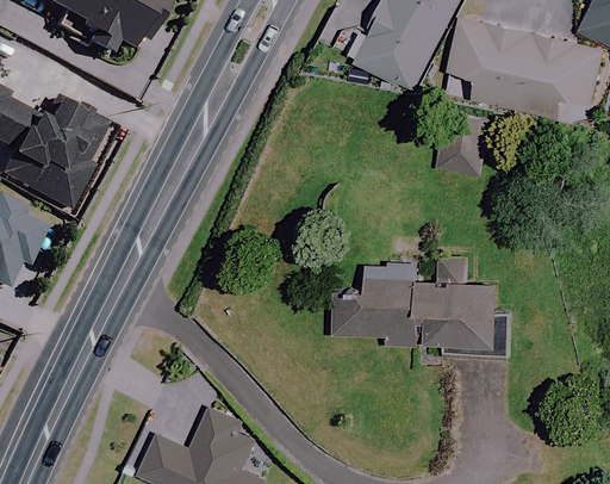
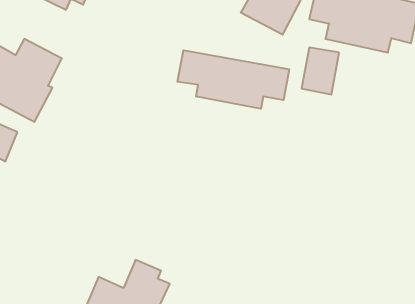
building: none -> [177,50,289,109]
building: [334,248,512,350] -> none

